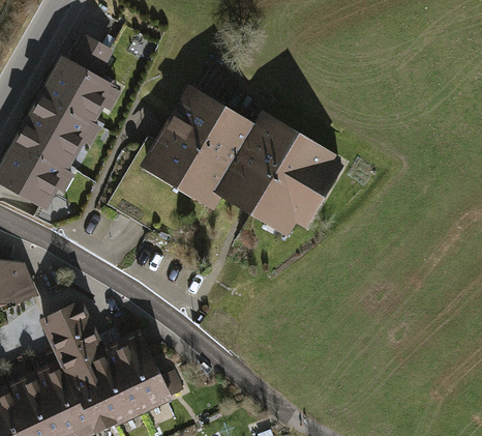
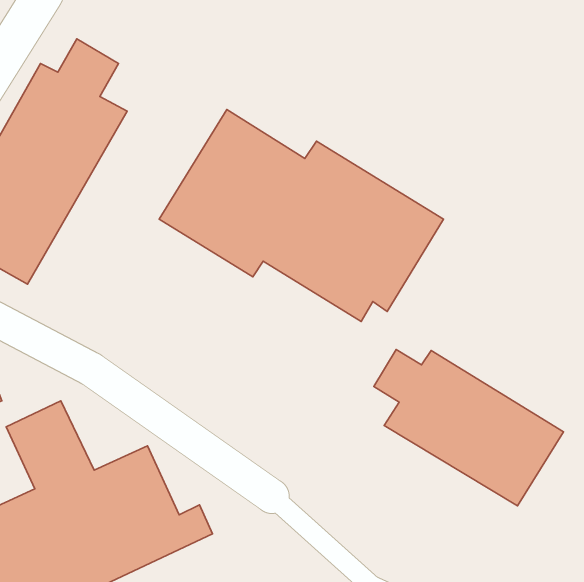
building: none -> [374,349,563,506]

